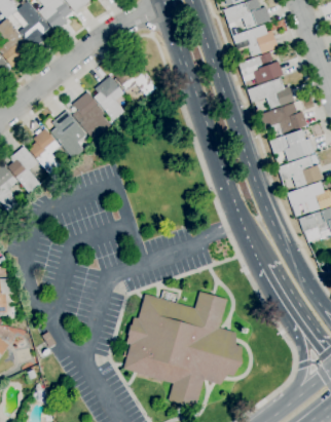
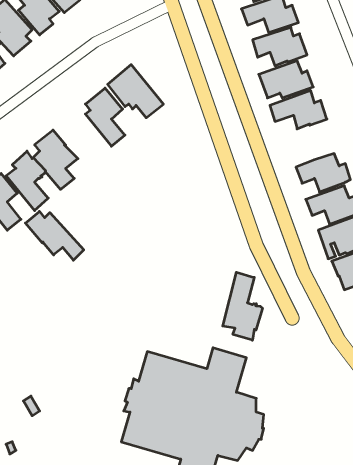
building: [72,91,111,140] -> none
building: [260,103,307,133] -> none
building: none -> [25,211,84,260]
building: none -> [223,272,262,340]

